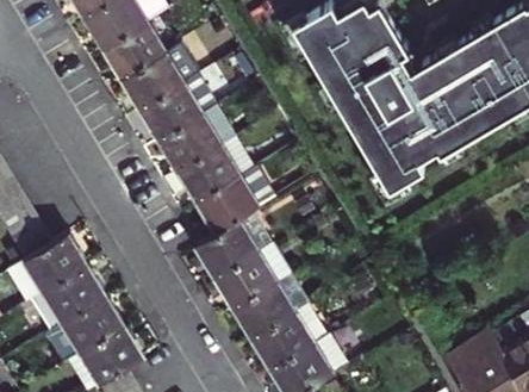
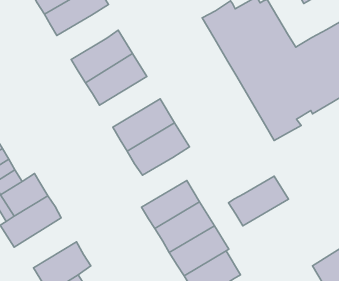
building: [99,21,166,81] -> none
building: [156,104,237,172] -> none
building: [193,212,273,279] -> [229,176,288,226]
building: [42,293,125,365] -> none

